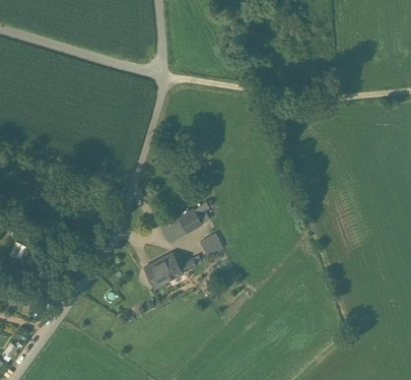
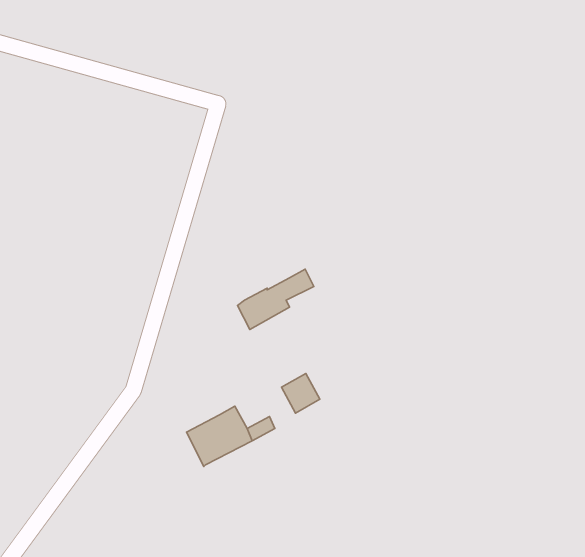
building: [161,206,206,242] -> [238,269,314,330]

